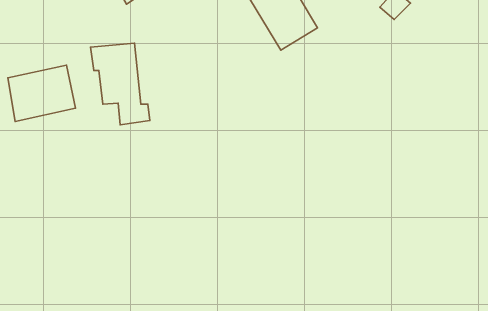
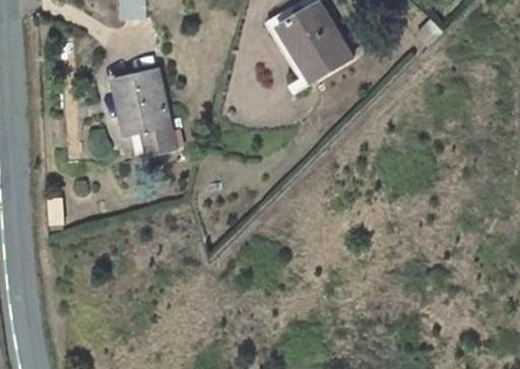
building: [8,65,76,121] -> none

